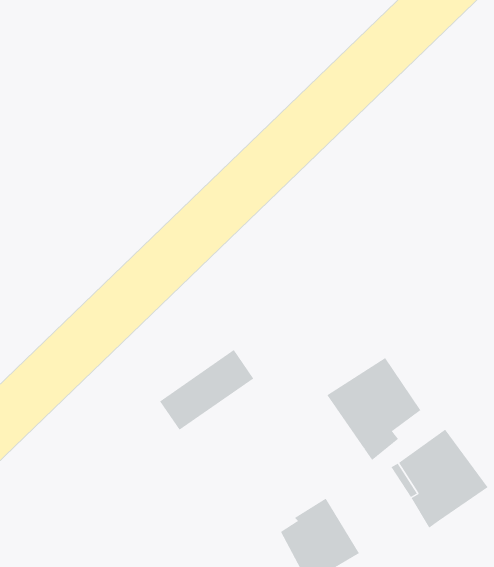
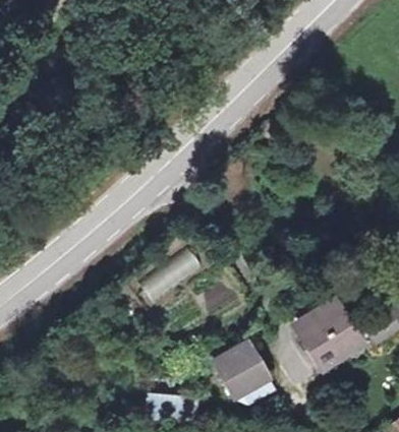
building: [327,357,421,461] -> none

